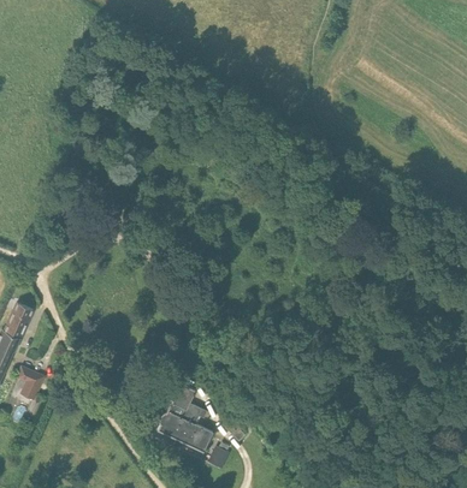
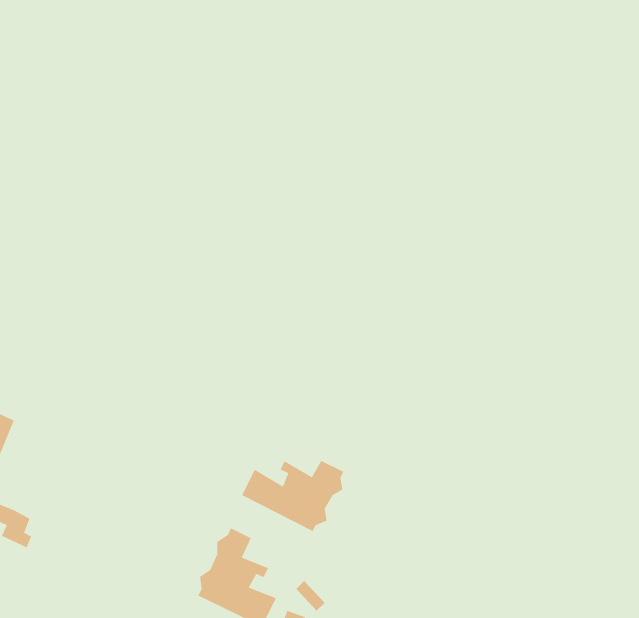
building: none -> [241,460,344,532]

